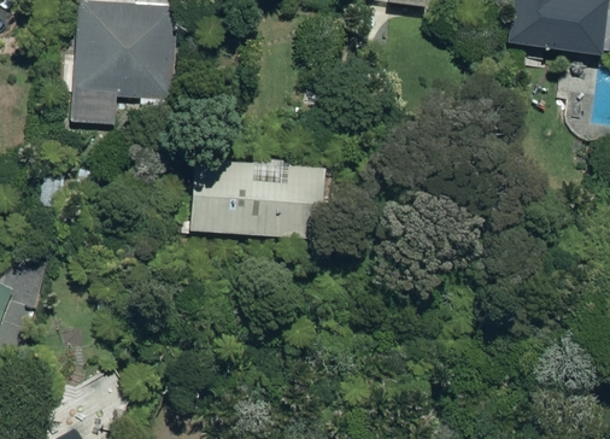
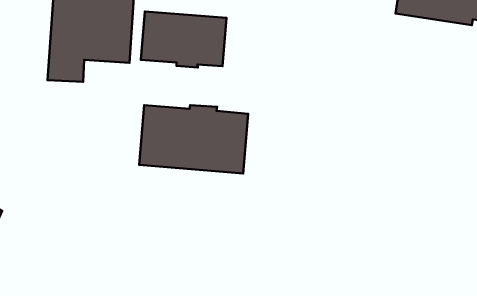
building: none -> [141,11,226,68]

